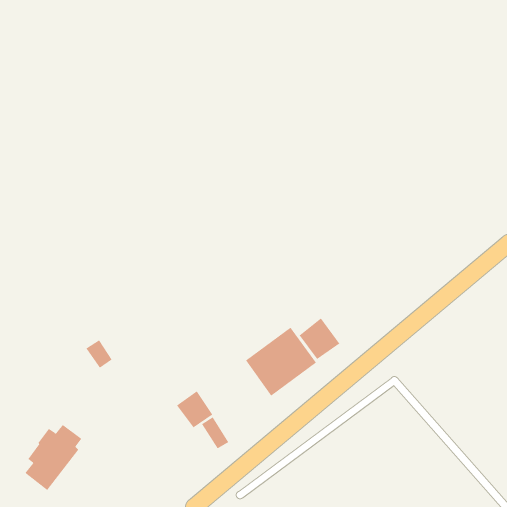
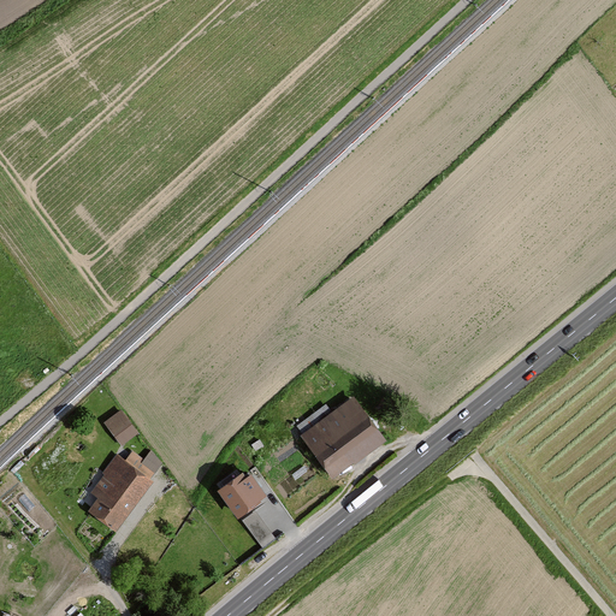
building: [299,317,340,360] -> none
building: [25,424,82,491] -> [88,450,158,531]

